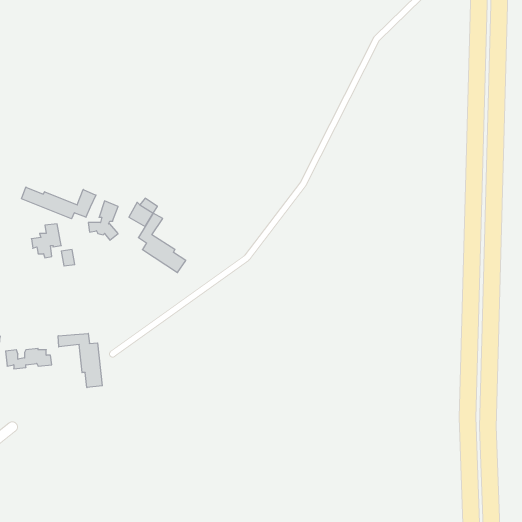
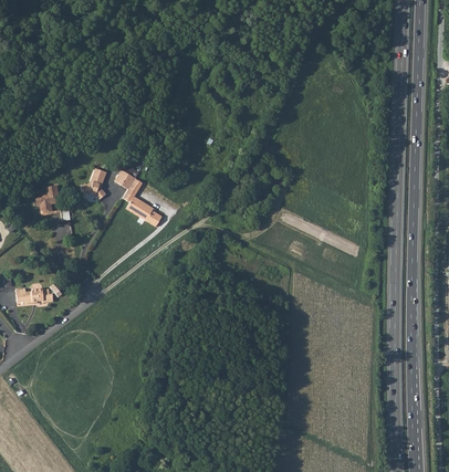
building: [21,187,96,219] -> none
building: [58,333,102,388] -> none

